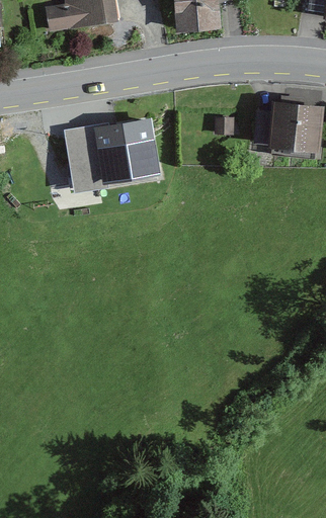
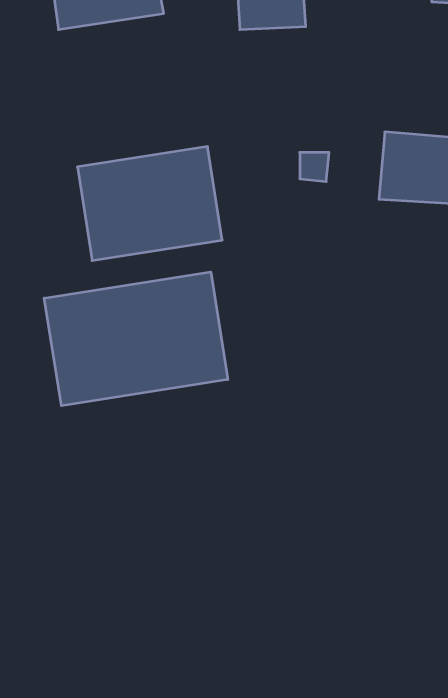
building: none -> [44,272,228,406]

